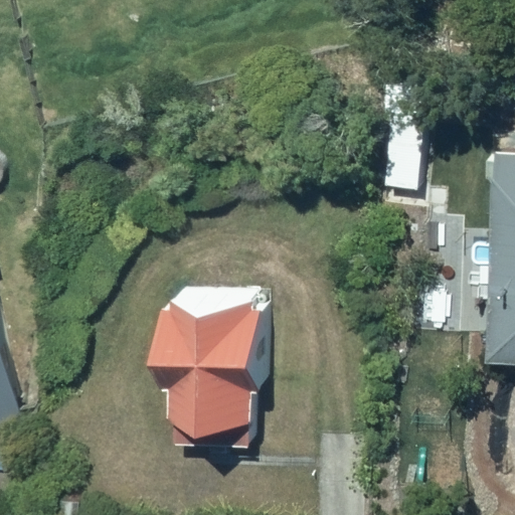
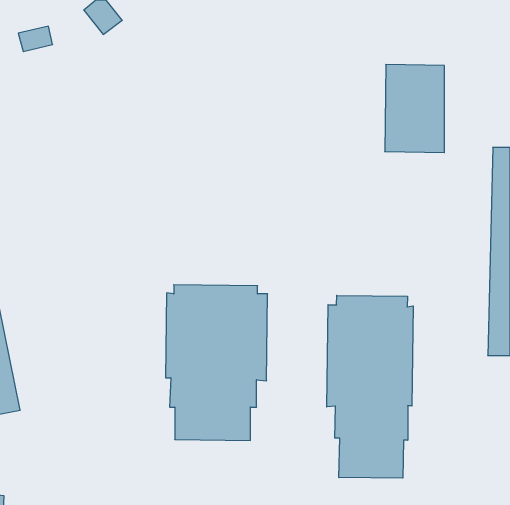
building: none -> [327,295,413,478]

